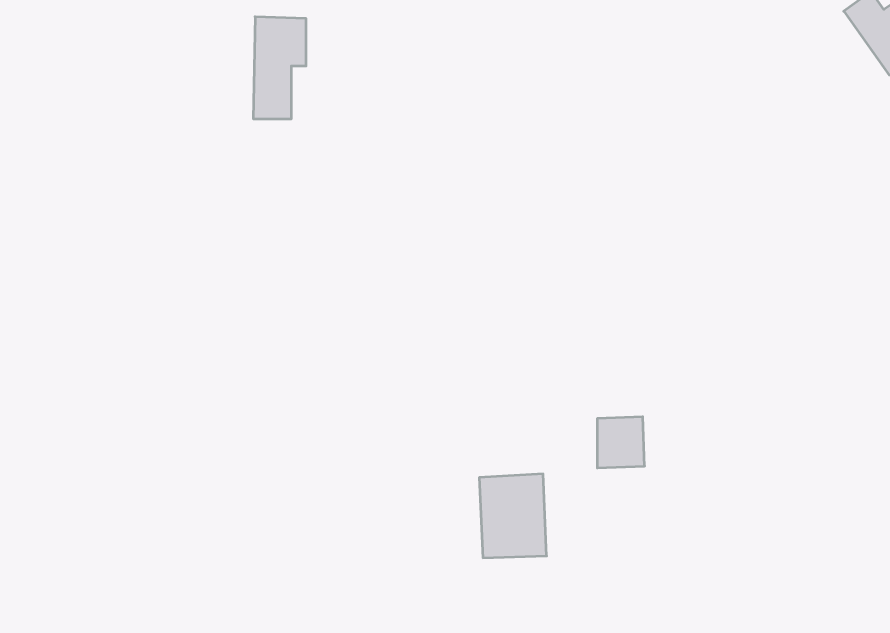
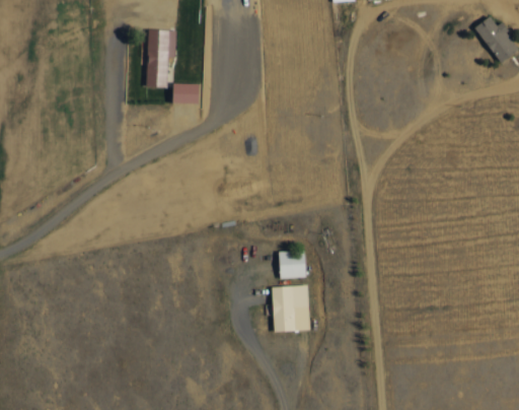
building: none -> [172,84,199,105]
building: [597,417,645,468] -> [279,251,305,279]

